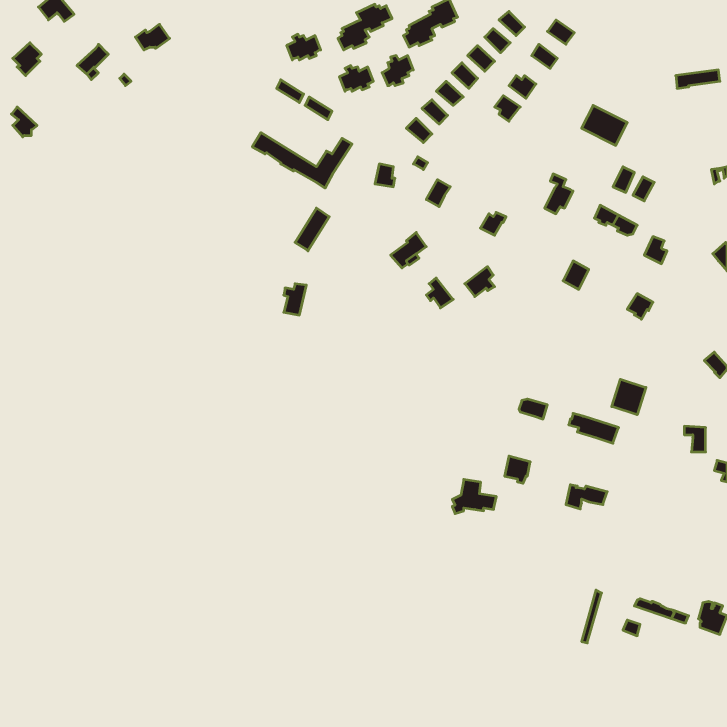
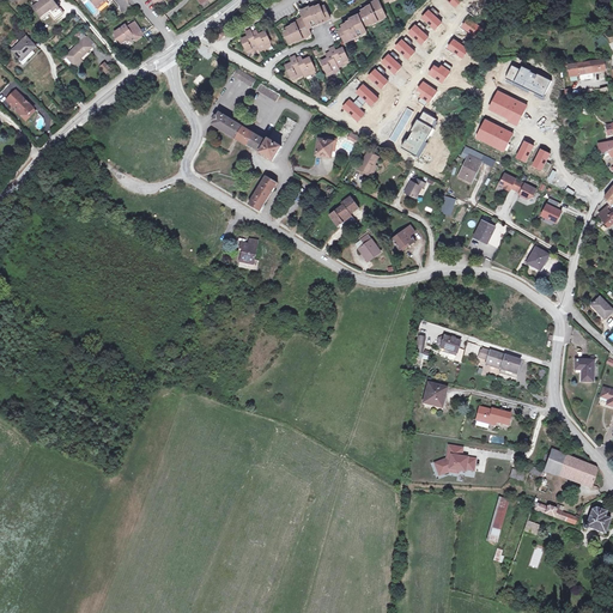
building: none -> [505,65,551,96]
building: none -> [400,111,437,157]
building: none -> [474,117,512,151]
building: [612,379,646,415] -> none
building: [452,479,496,514] -> [438,444,475,473]
building: none -> [545,449,596,486]

